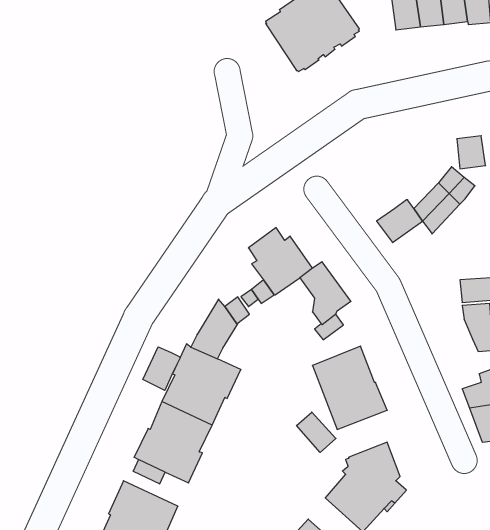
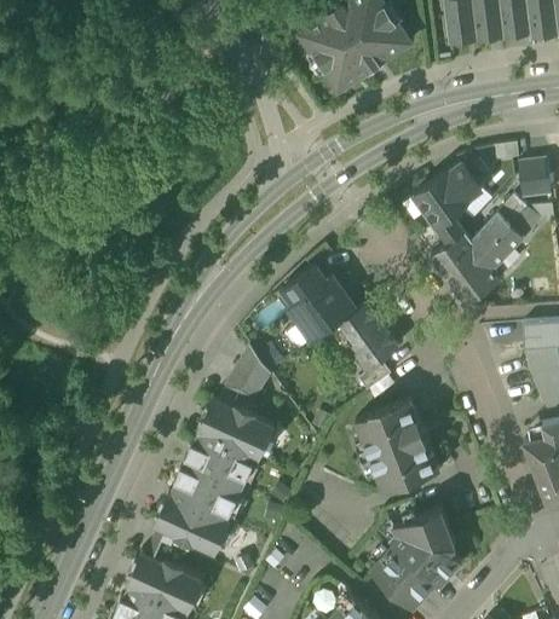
building: none -> [414,162,488,243]
building: none -> [446,258,499,306]
building: [143,347,180,390] -> none
building: [297,412,336,452] -> none

